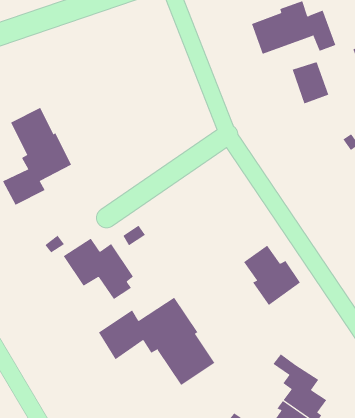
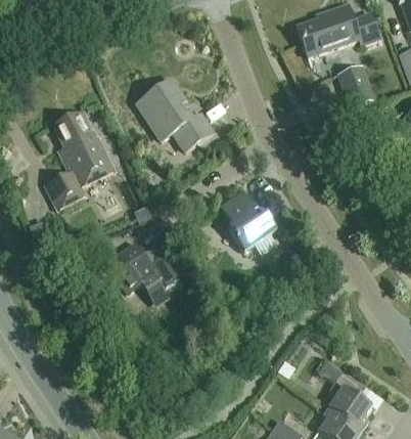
building: none -> [137,79,213,149]
building: [243,245,301,306] -> [220,190,278,252]
building: [98,297,215,386] -> none

